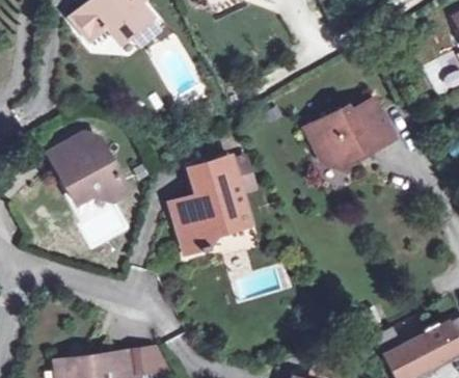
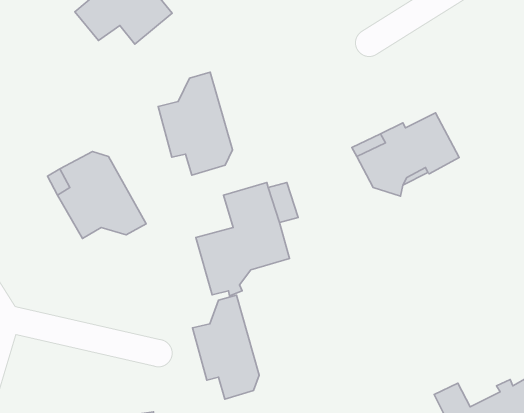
building: none -> [158,72,232,175]
building: none -> [192,295,259,399]

